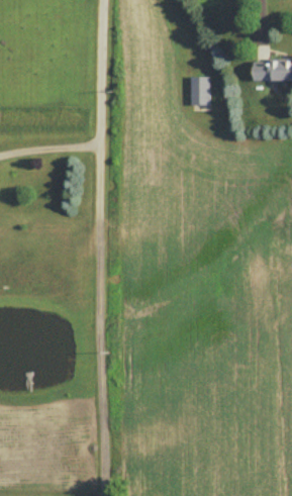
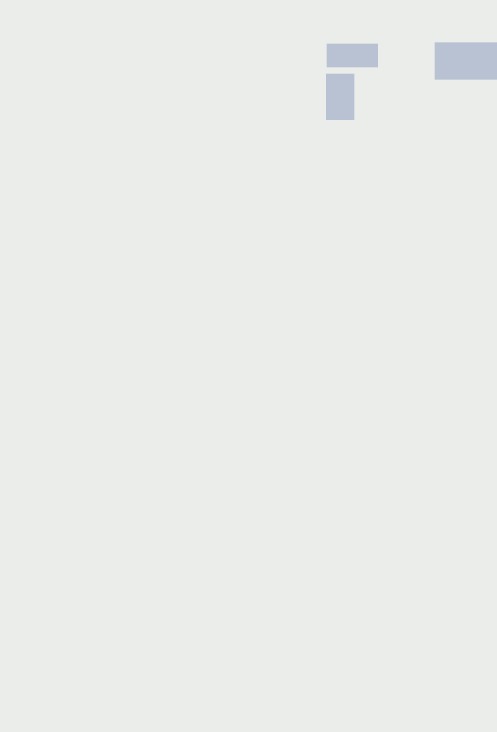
building: none -> [326,43,378,68]

